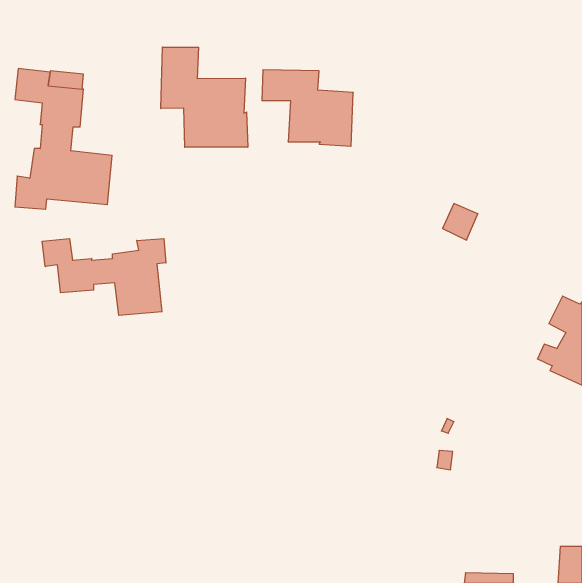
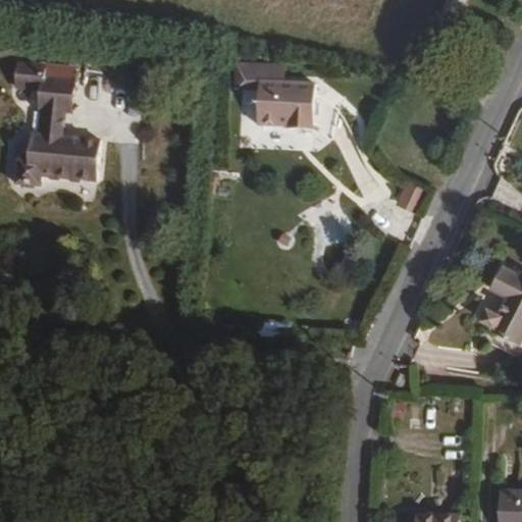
building: [161,47,248,147] -> none
building: [42,239,166,315] -> none

